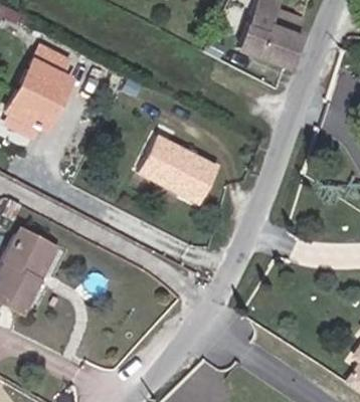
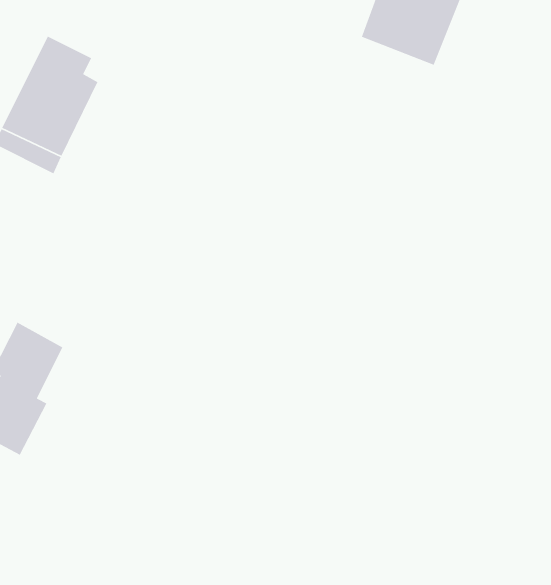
building: [138,132,216,200] -> none

